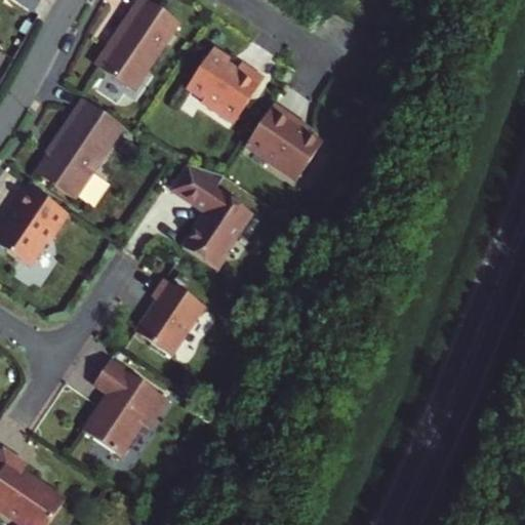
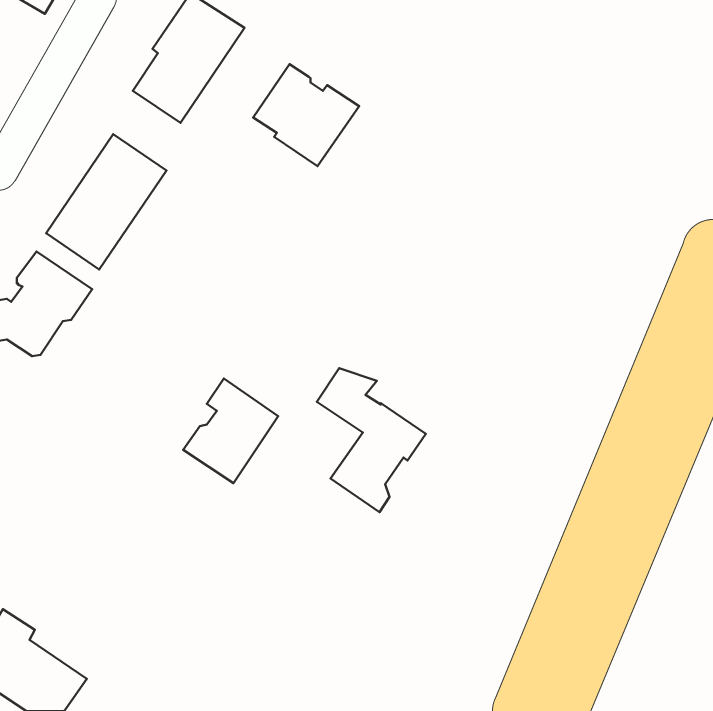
building: [244,103,321,179] -> none
building: [173,164,253,270] -> [317,368,426,512]
building: [85,359,168,457] -> none

